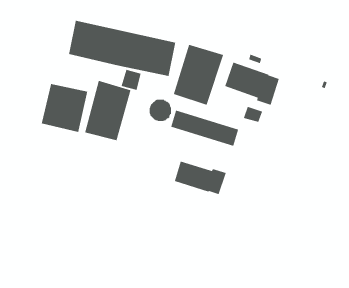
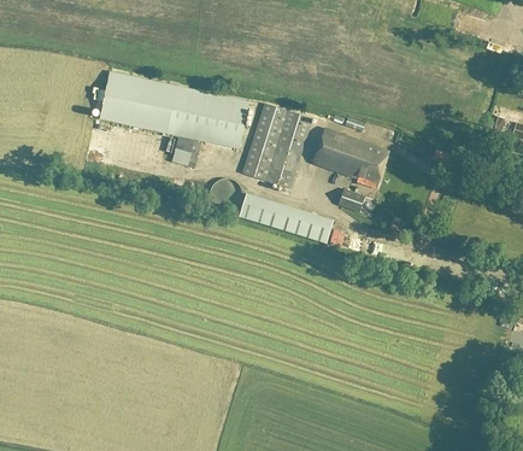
building: [84,80,131,141] -> none
building: [41,83,88,133] -> none
building: [174,161,227,195] -> none

